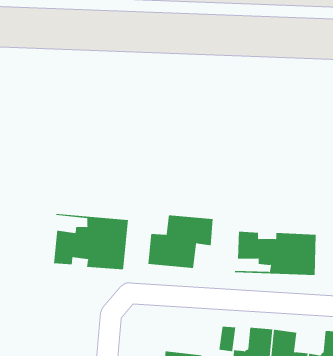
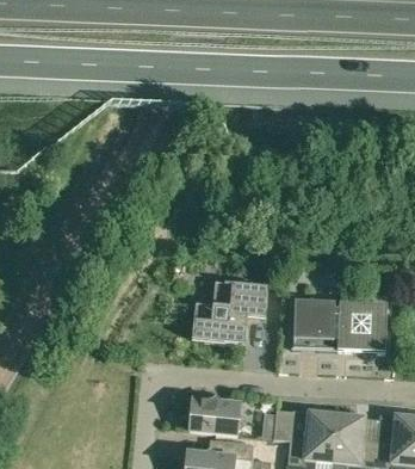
building: [54,213,128,270] -> none
building: none -> [188,397,246,433]

